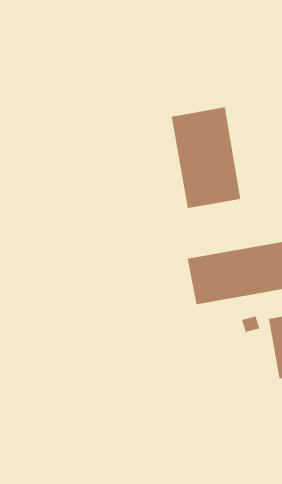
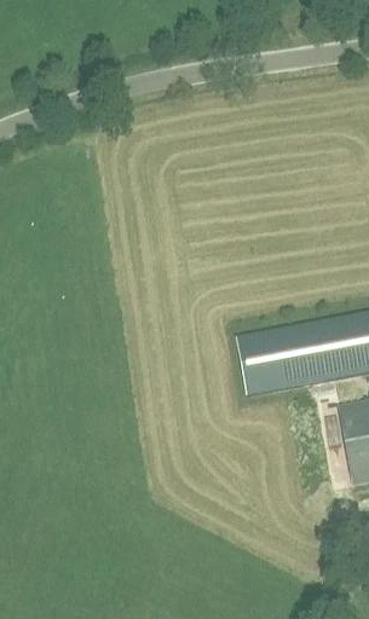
building: [171,107,241,209] -> none

